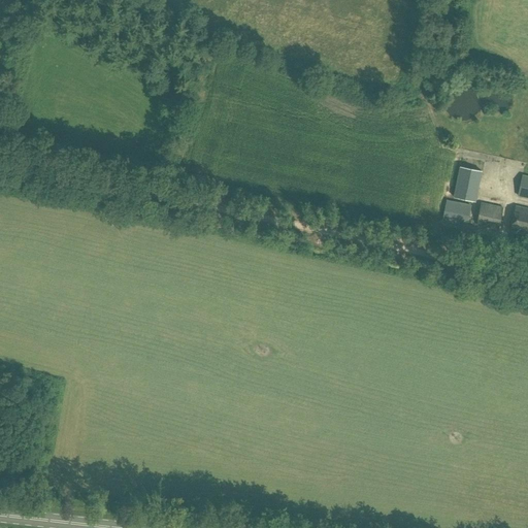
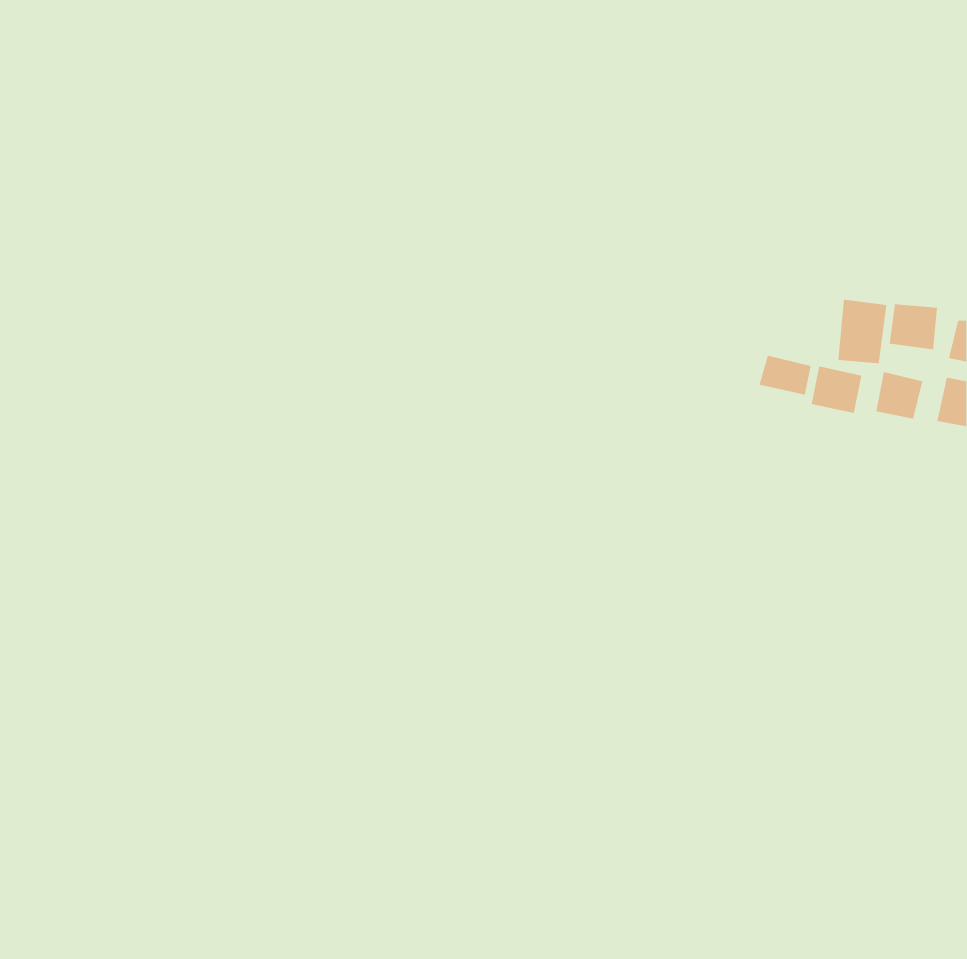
building: none -> [889,304,937,350]
building: none -> [759,355,811,395]

